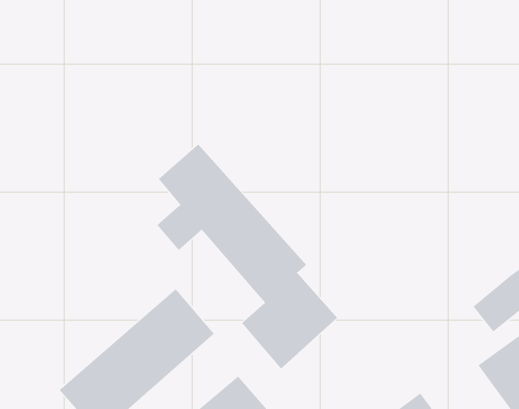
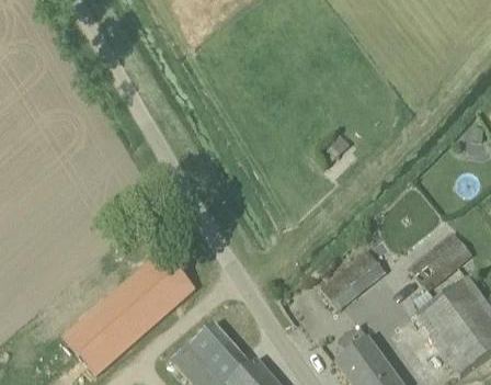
building: [157,144,338,369] -> none
building: none -> [321,247,393,307]

